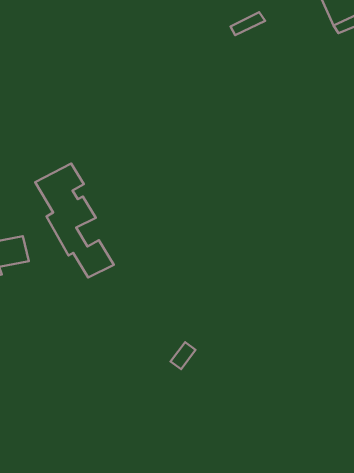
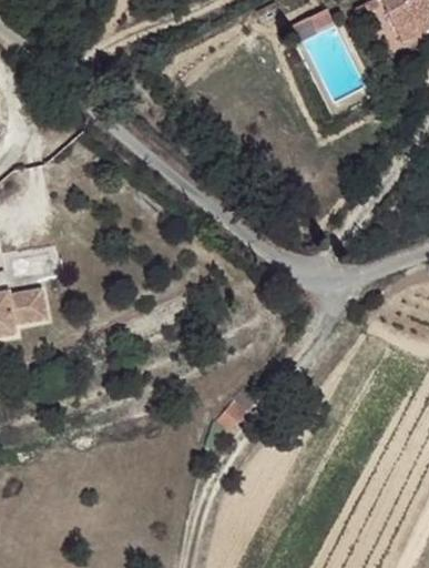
building: [35,163,114,277] -> none

